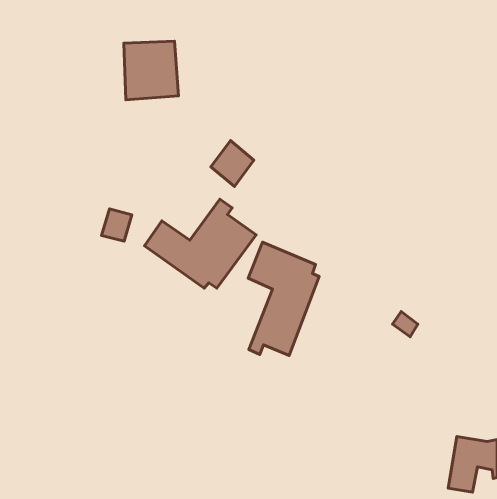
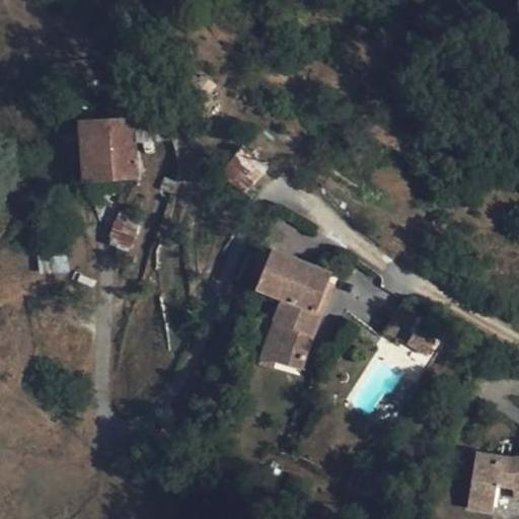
building: [124,41,178,100] -> [79,120,136,180]
building: [144,199,256,288] -> none

